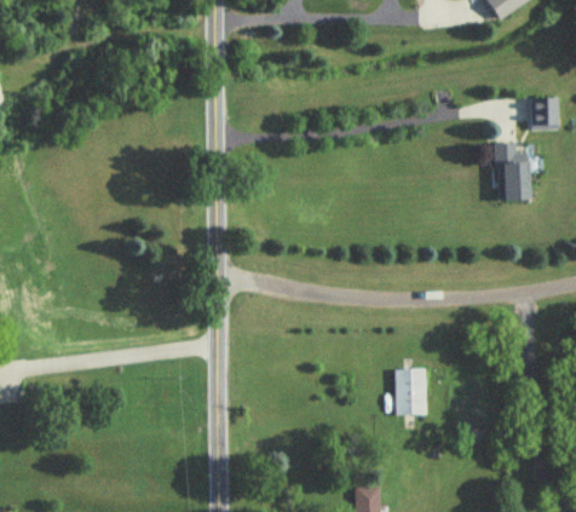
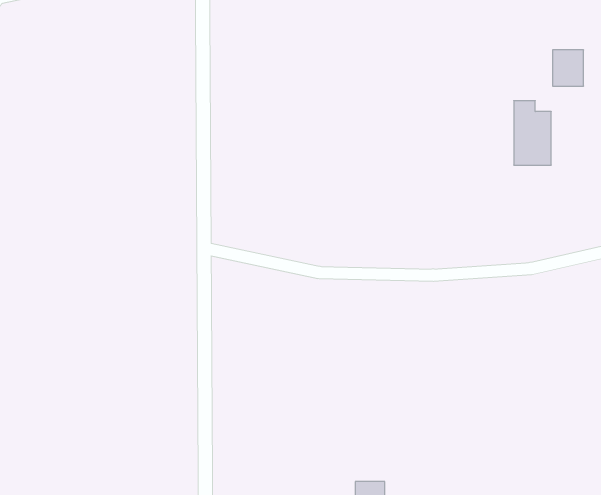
building: [393,369,425,415] -> none

